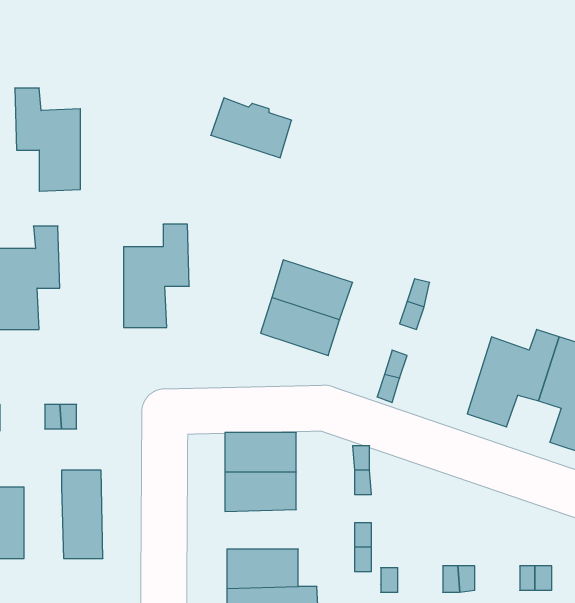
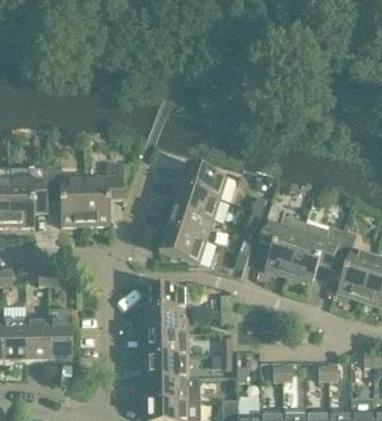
building: [15,88,80,191] -> [45,164,84,225]
building: [211,98,292,158] -> [178,162,226,197]
building: none -> [258,205,301,275]
building: none -> [157,227,205,263]
building: none -> [25,318,49,360]
building: none -> [144,331,187,355]

